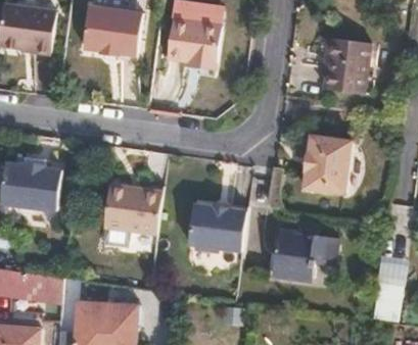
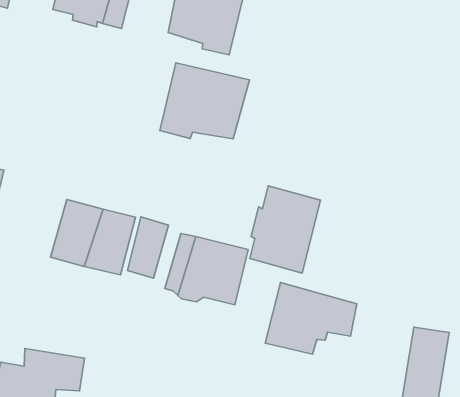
building: [325,38,373,95] -> none
building: none -> [160,63,250,139]
building: [304,135,352,196] -> [250,186,320,273]
building: none -> [128,217,169,278]

